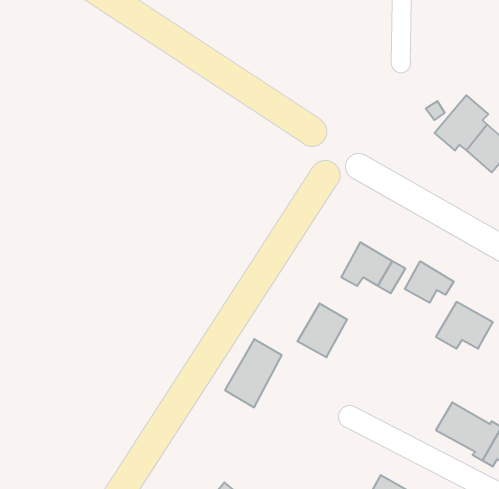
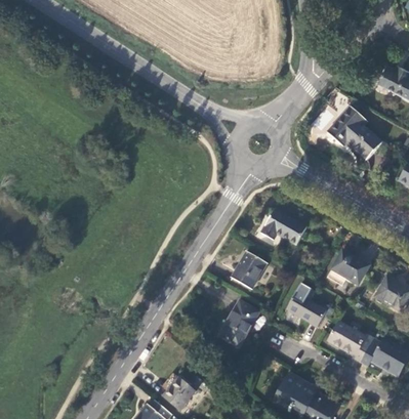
building: [405,261,454,303] -> none
building: [225,339,282,407] -> [218,299,258,347]
building: none -> [287,292,325,325]

